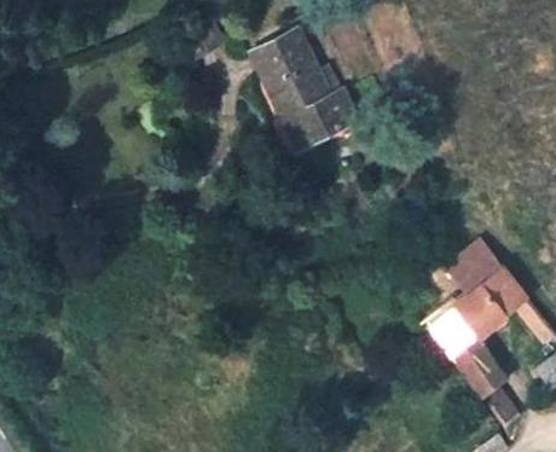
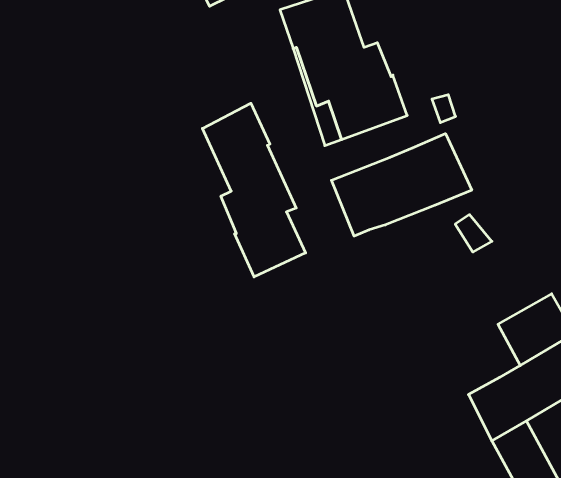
building: none -> [202,103,306,277]
building: none -> [331,134,472,236]

